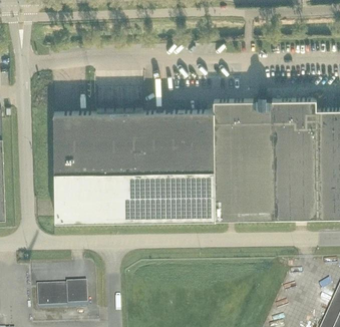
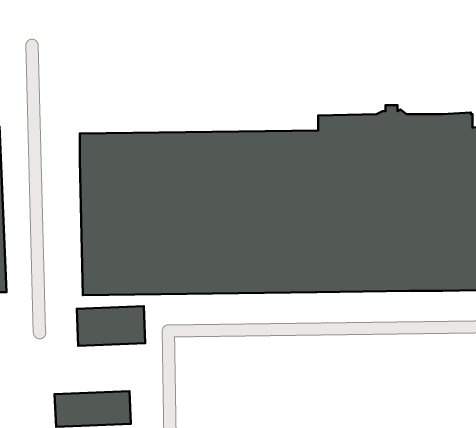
building: none -> [77,306,145,346]

